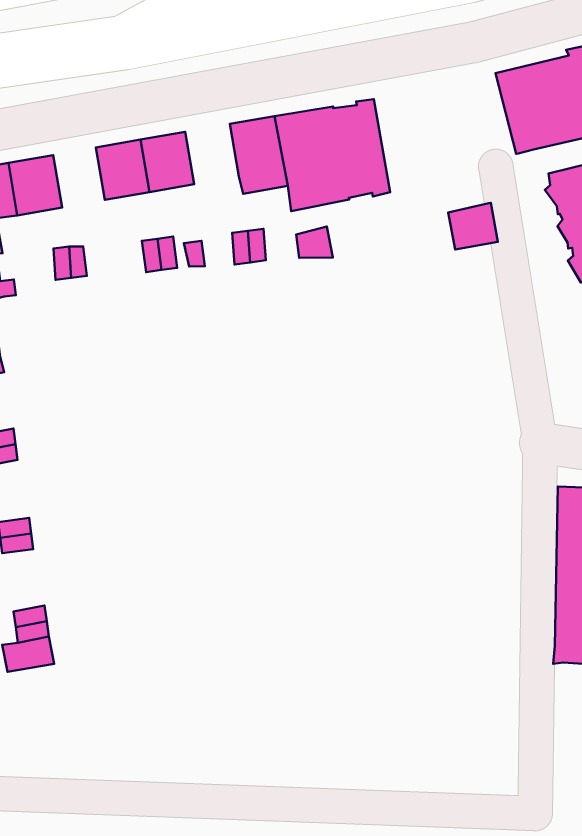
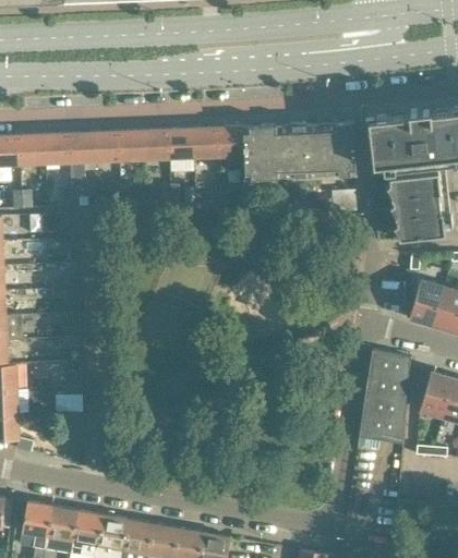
building: none -> [299,123,355,178]
building: none -> [193,129,219,159]
building: none -> [119,132,144,162]

